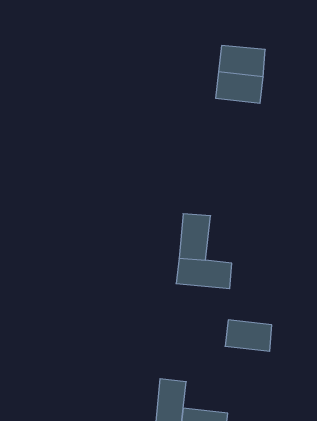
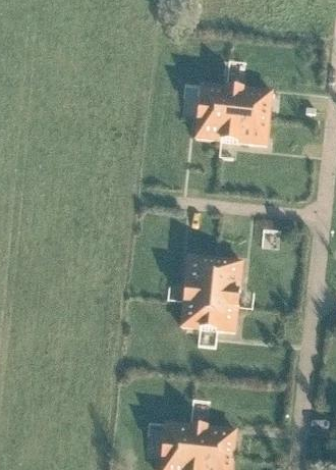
building: none -> [194,83,226,139]
building: none -> [210,257,241,305]
building: [225,320,272,351] -> [187,424,234,456]

